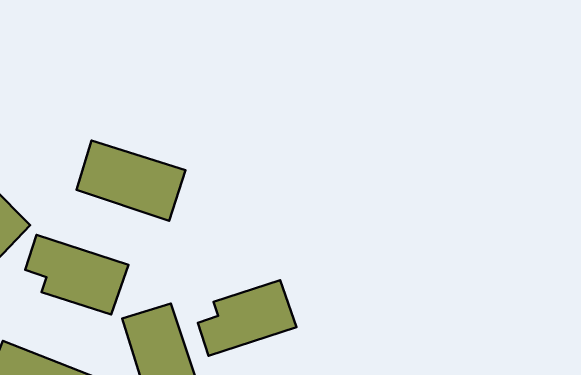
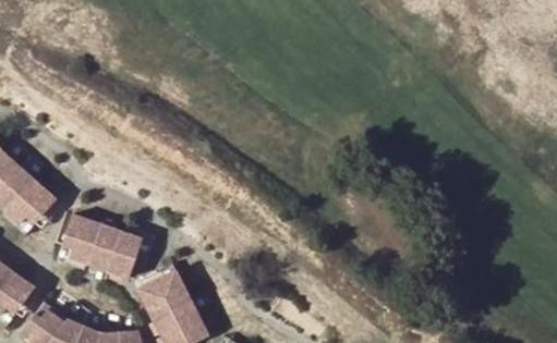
building: [76,141,186,221] -> none
building: [198,280,296,356] -> none

